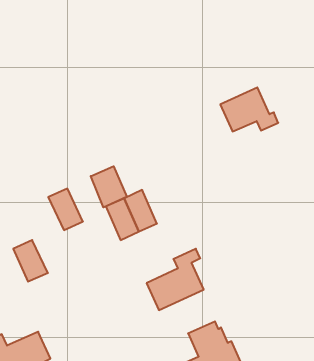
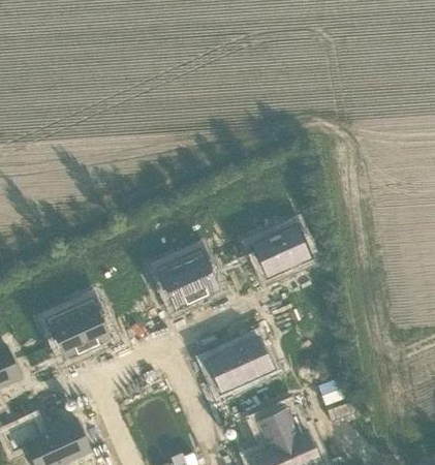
building: [220,87,278,131] -> [250,222,319,275]
building: [91,166,127,207] -> none
building: [48,189,83,230] -> [68,297,110,346]

